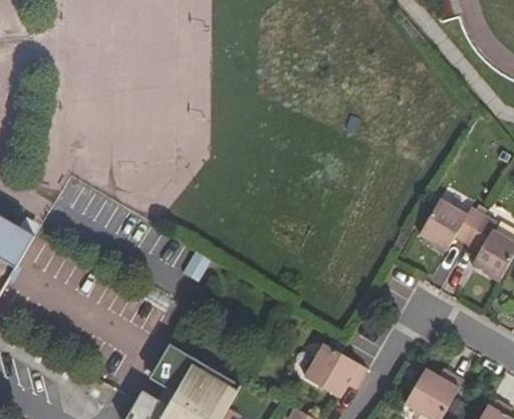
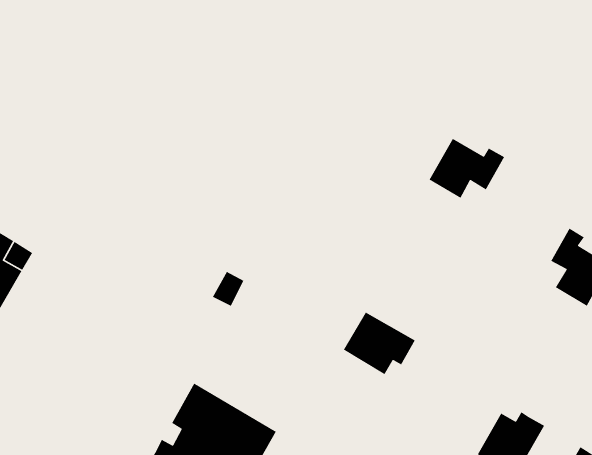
building: [419,199,483,250] -> [428,138,505,199]
building: [305,346,366,399] -> [343,312,416,375]

